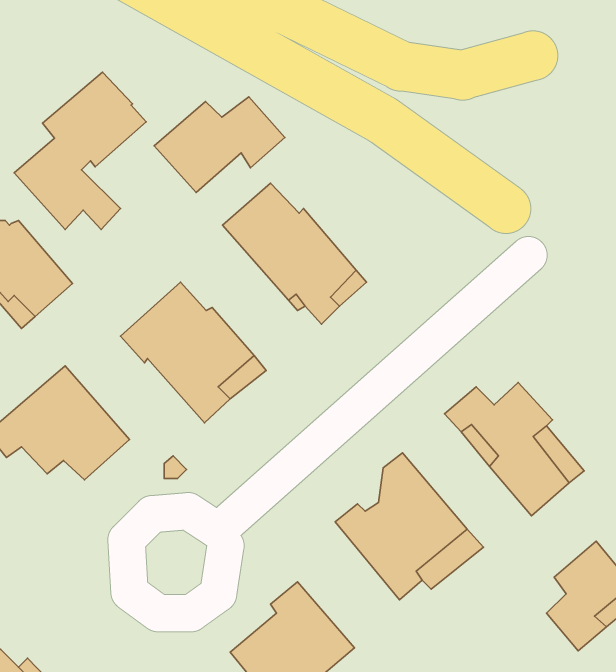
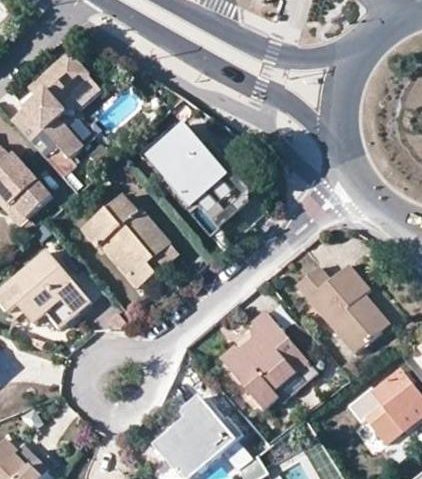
building: [154,97,285,192] -> none

